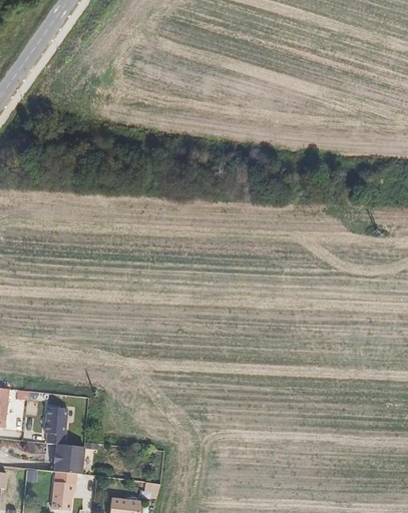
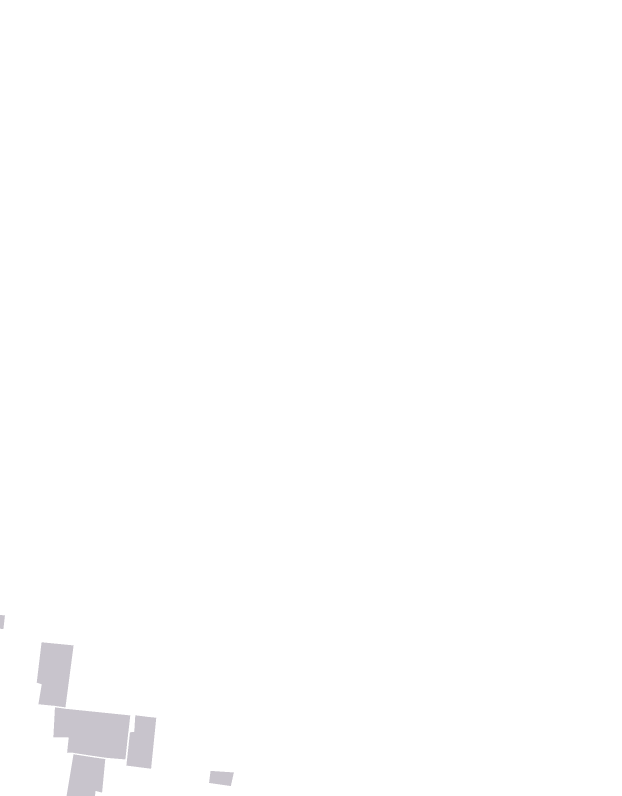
building: none -> [126,715,157,770]

